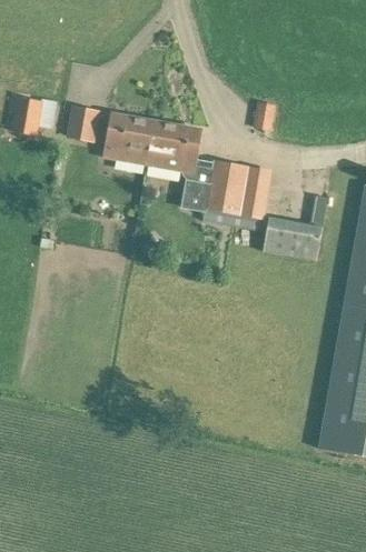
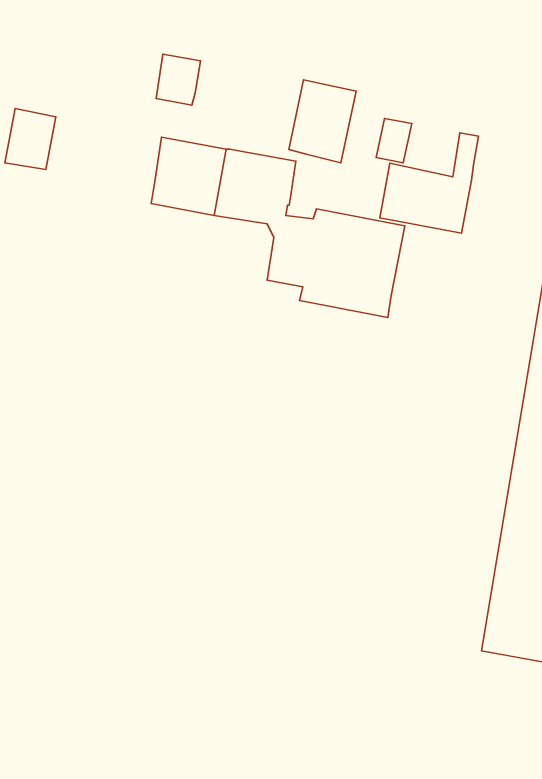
building: none -> [289,80,356,163]
building: [69,107,98,140] -> [156,54,200,105]
building: [263,194,327,260] -> [380,133,478,233]

